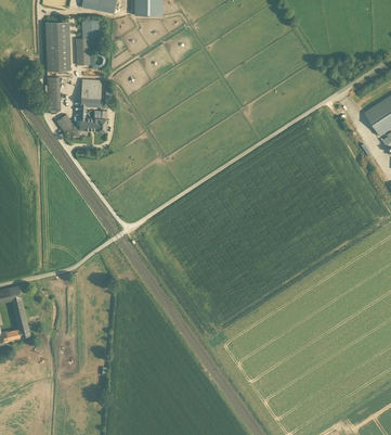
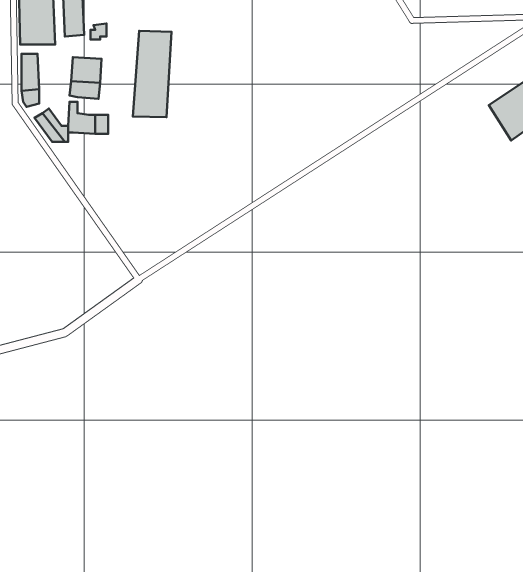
building: none -> [133,31,171,117]

